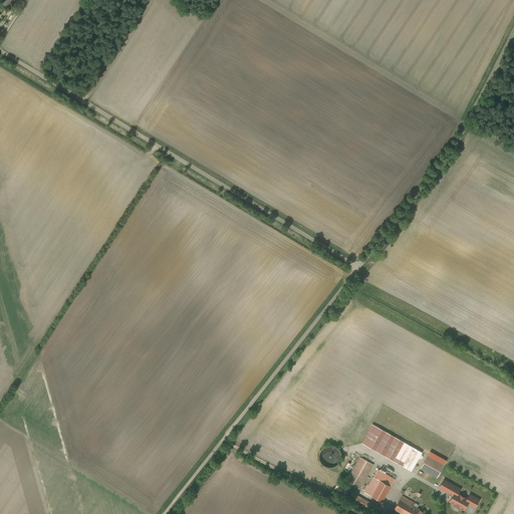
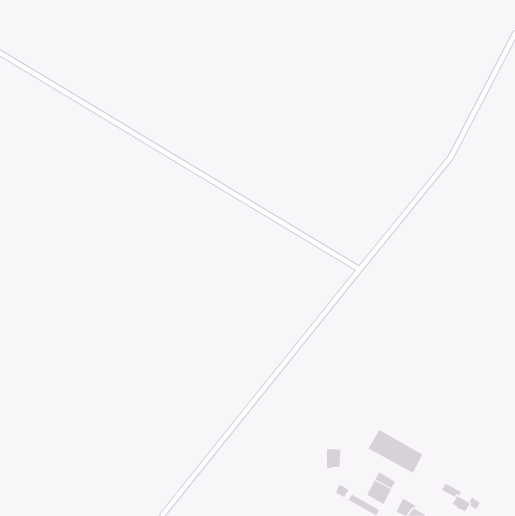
building: [420,451,446,477] -> none
building: [345,457,372,489] -> none

